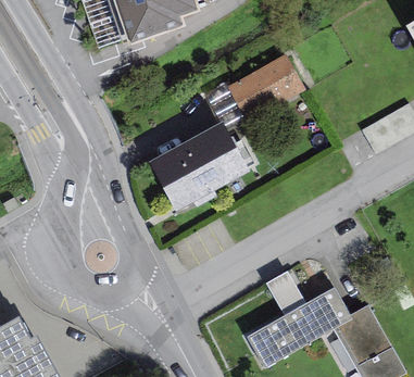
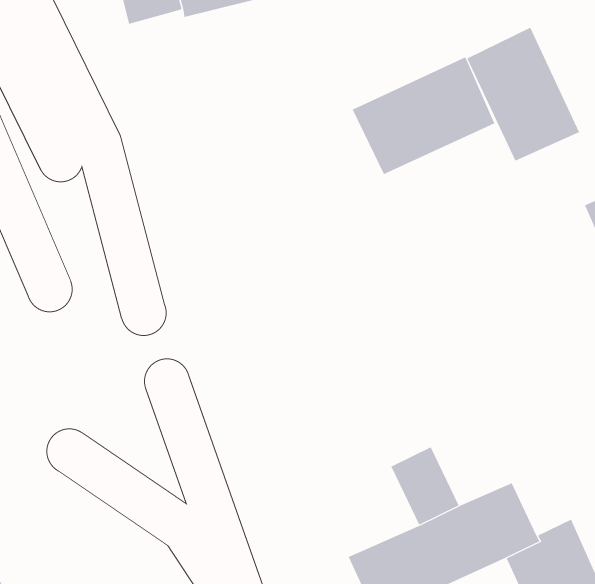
building: none -> [466,27,580,161]
building: [149,120,251,210] -> none

